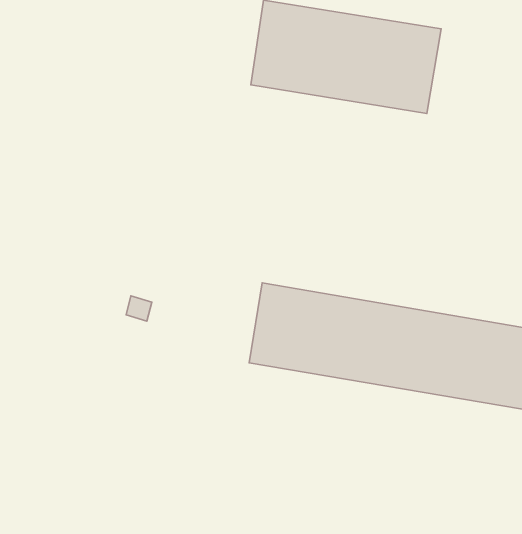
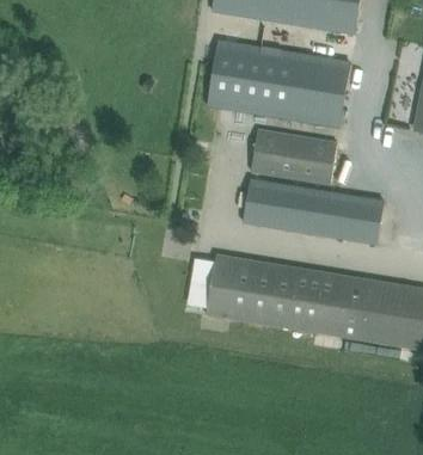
building: none -> [251,129,337,185]
building: none -> [241,178,385,244]

